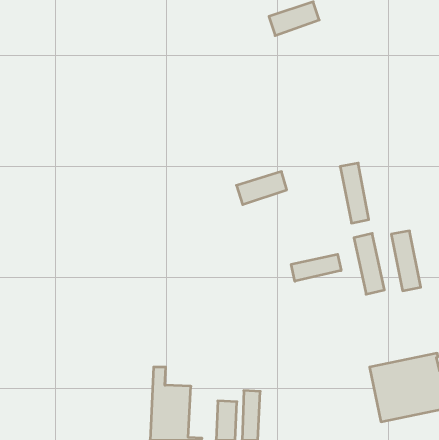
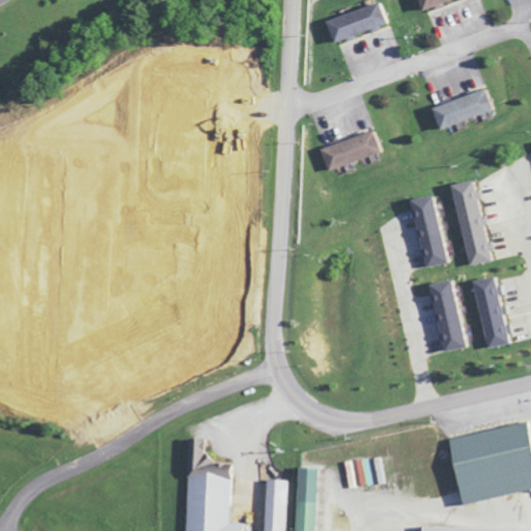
building: none -> [429,88,491,130]
building: none -> [452,179,492,266]
building: [236,172,287,205] -> [319,131,380,170]
building: [291,254,341,281] -> none

